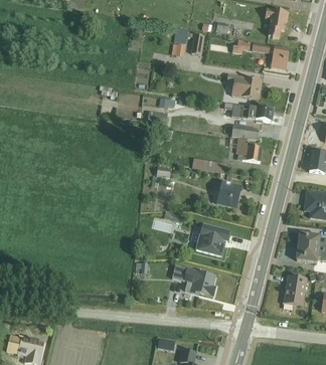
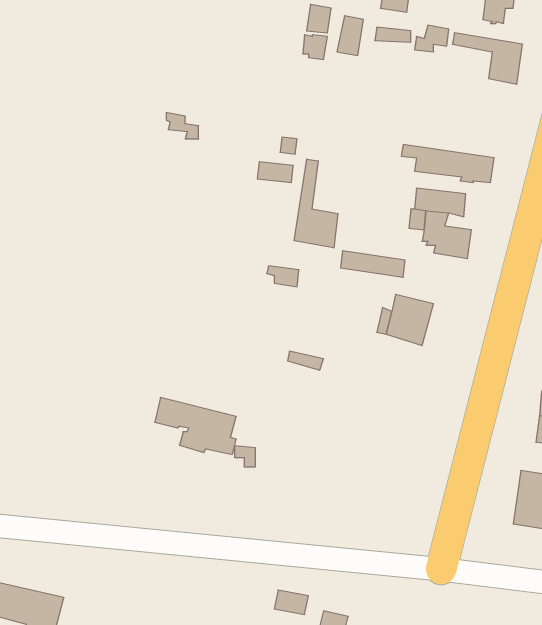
building: [227,74,262,99] -> none
building: none -> [294,159,338,248]
building: [195,224,229,255] -> none
building: [172,264,215,295] -> [155,398,236,454]

